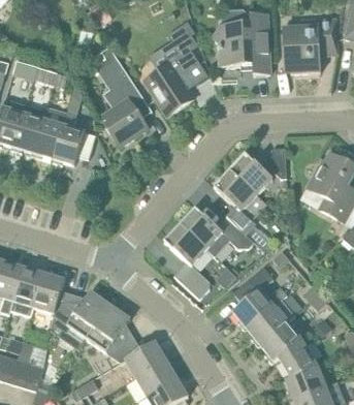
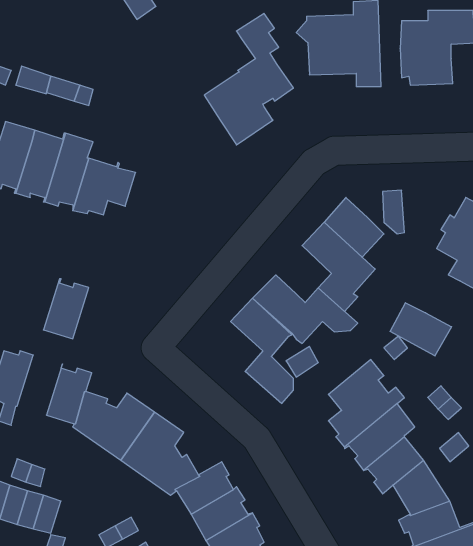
building: [89,45,148,147] -> none
building: none -> [390,303,452,356]
building: [12,263,44,306] -> [43,279,89,339]

